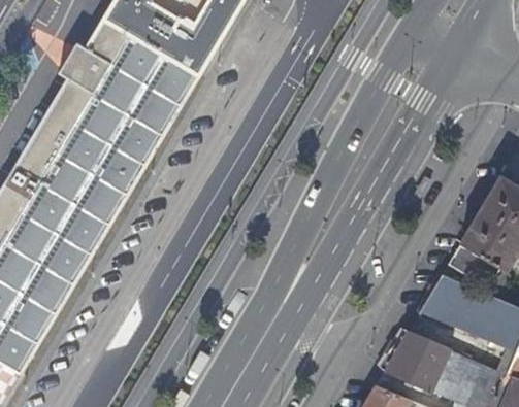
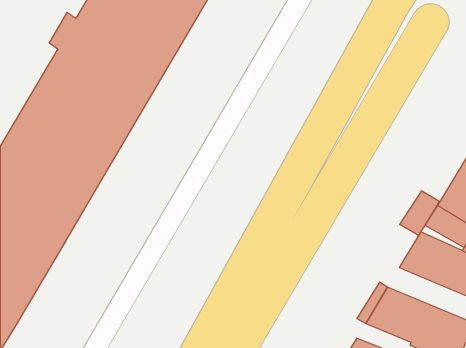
building: none -> [400,191,439,235]

